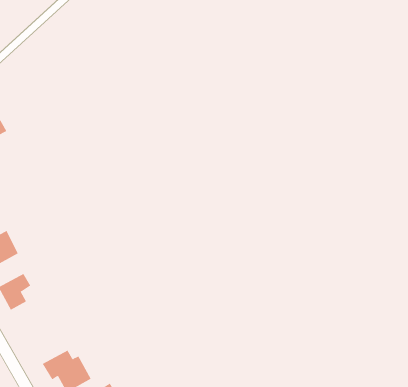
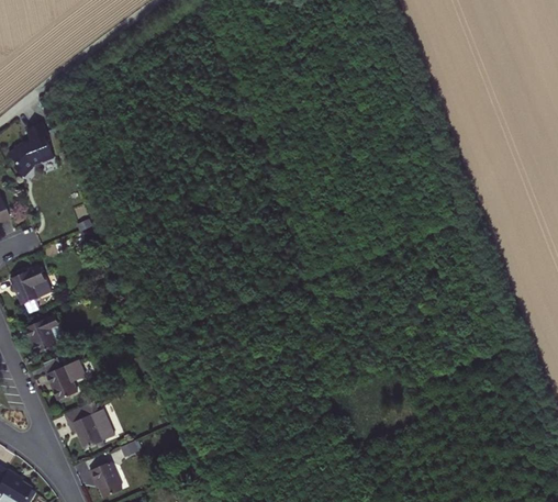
building: none -> [43,357,86,401]

